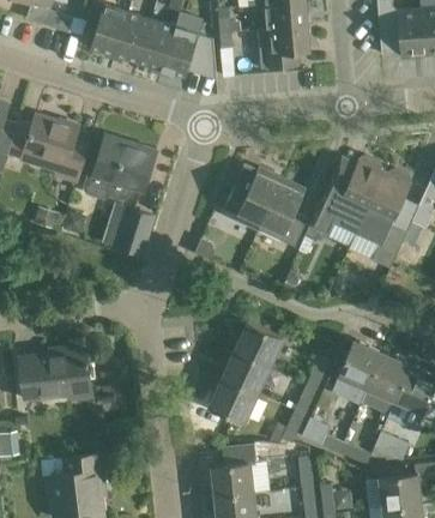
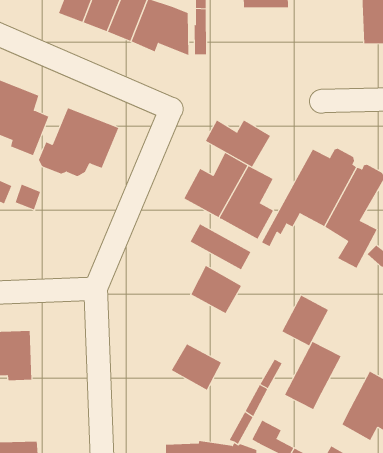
building: [258,25,310,72] -> none
building: none -> [205,120,271,168]
building: [101,203,152,259] -> none
building: none -> [190,223,251,270]
building: [235,321,283,366] -> [191,265,242,314]
building: [367,351,410,399] -> [281,295,329,346]
building: [209,377,258,421] -> none

